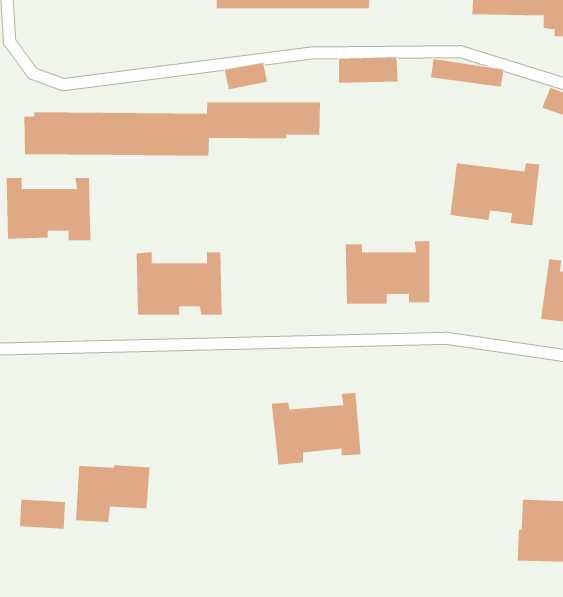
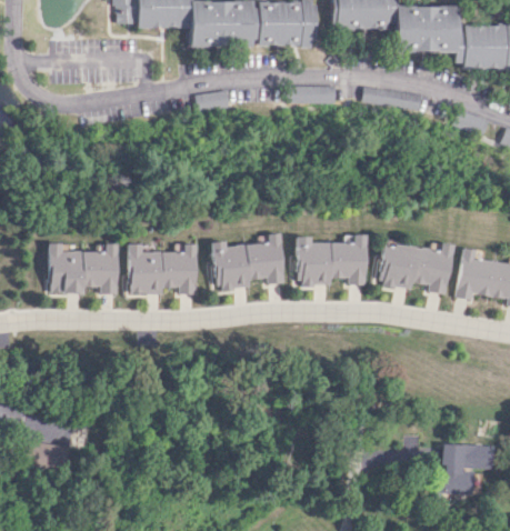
building: [24,102,321,157] -> none
building: [449,163,540,226] -> [378,243,451,294]
building: [6,178,91,241] -> [49,243,118,294]
building: [271,393,362,465] -> [211,233,284,292]
building: [75,465,150,523] -> none

